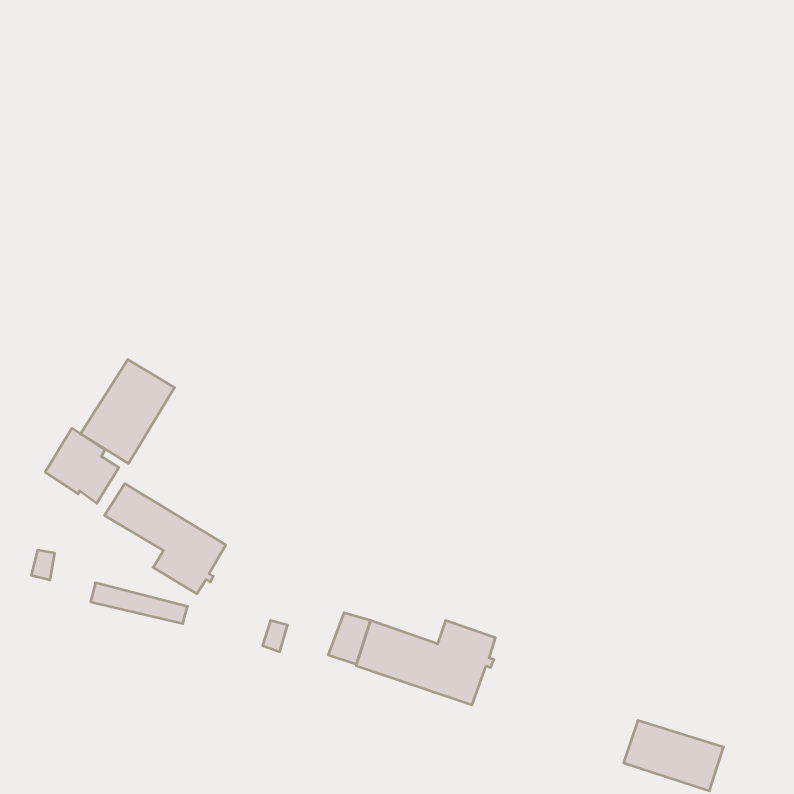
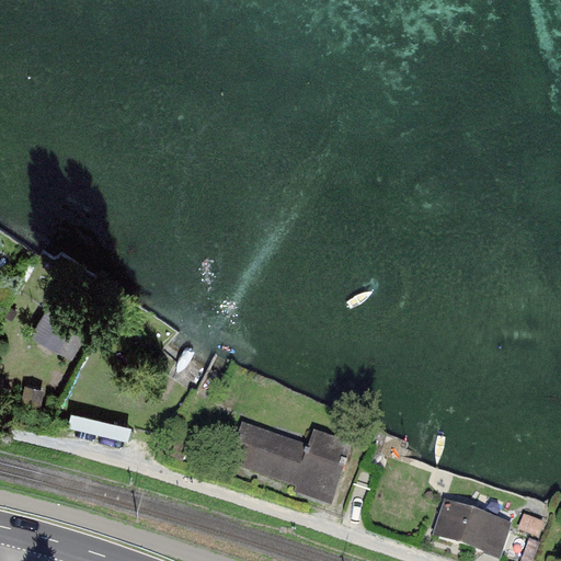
building: [80,359,175,463] -> none
building: [105,484,226,594] -> none

